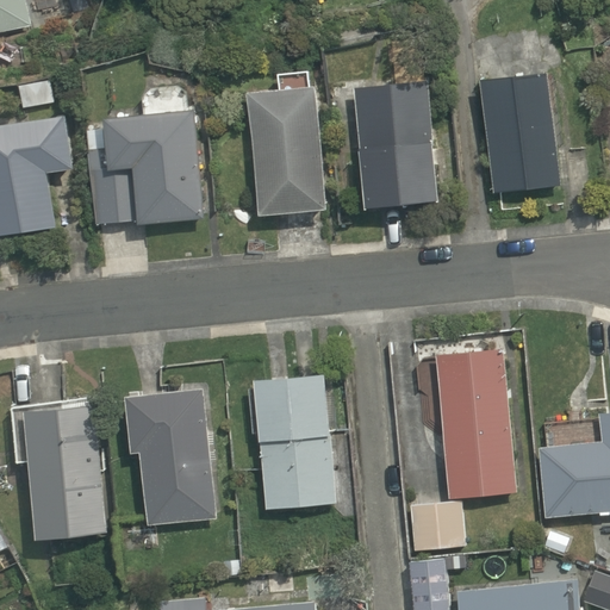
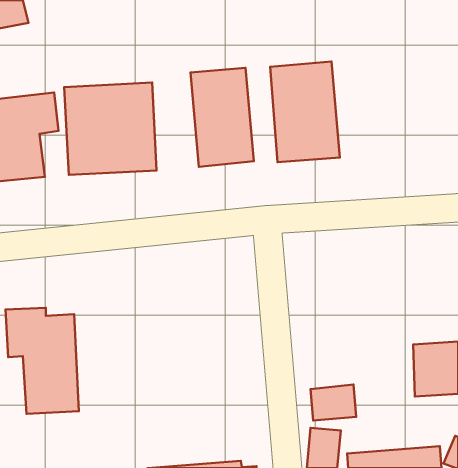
building: [481,73,556,199] -> none
building: [432,347,513,498] -> none
building: [257,380,335,513] -> none
building: [130,393,208,524] -> none

